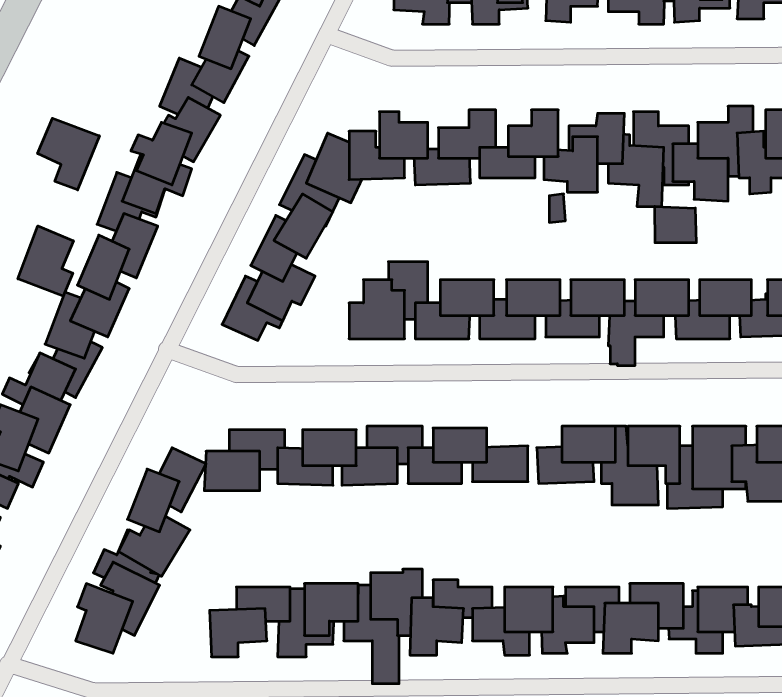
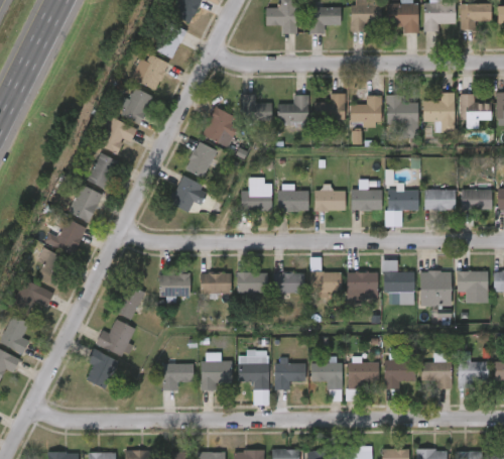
building: [38,118,99,190] -> none
building: [655,206,696,243] -> none
building: [18,226,73,296] -> none

